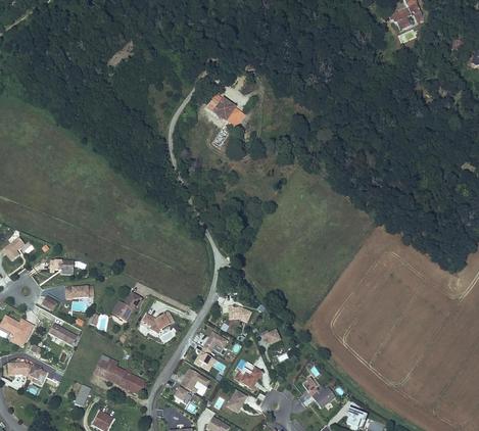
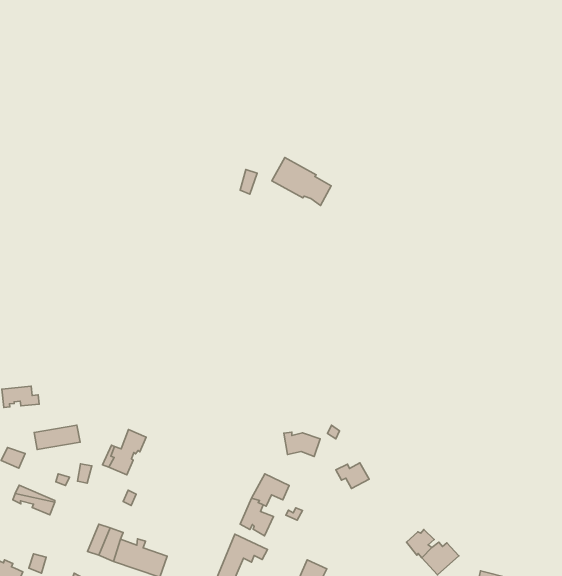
building: [206,93,245,127] -> [272,158,331,205]
building: [142,310,176,333] -> none
building: [234,361,262,390] -> none

